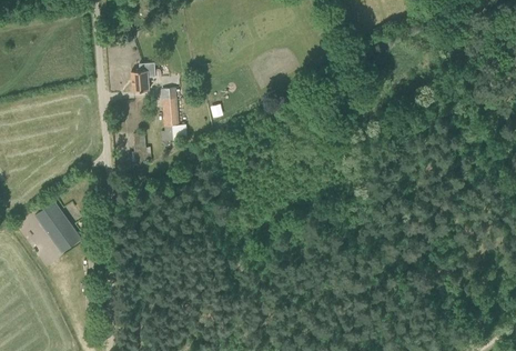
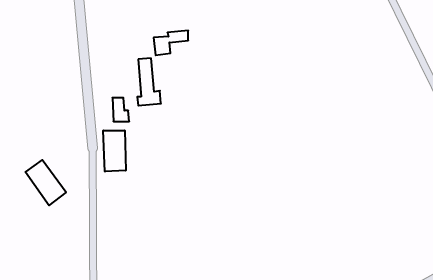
building: [129,64,168,92] -> [154,31,188,55]
building: none -> [103,130,126,172]

